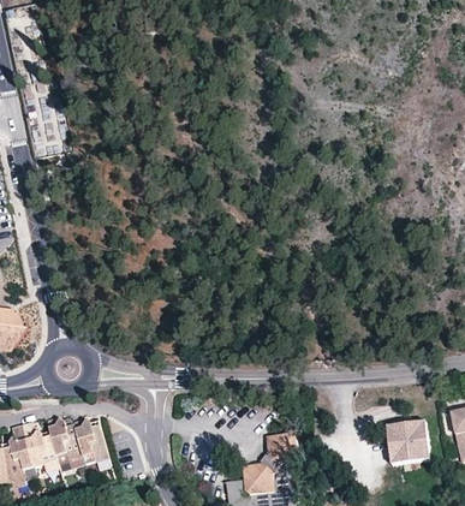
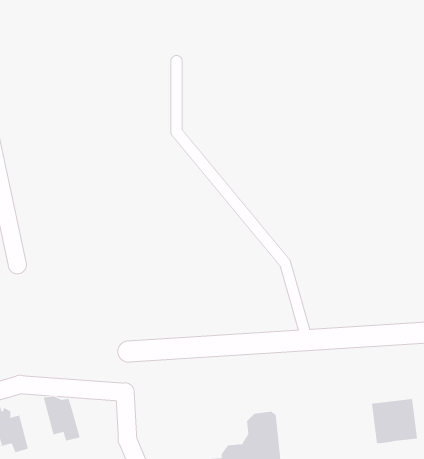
building: [46,417,82,460] -> none

